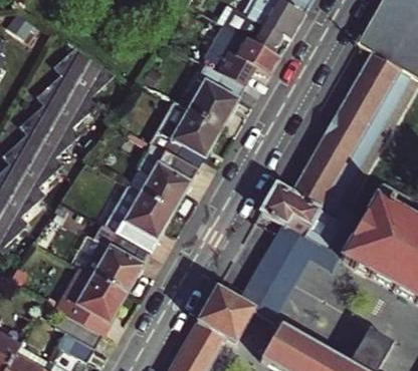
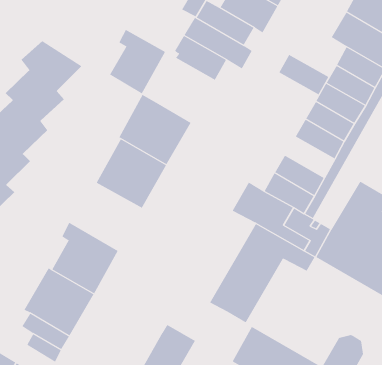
building: [189,63,244,126] -> [109,29,166,94]
building: [311,139,361,179] -> [278,54,329,95]
building: [103,183,173,251] -> none
building: [197,289,255,344] -> none

